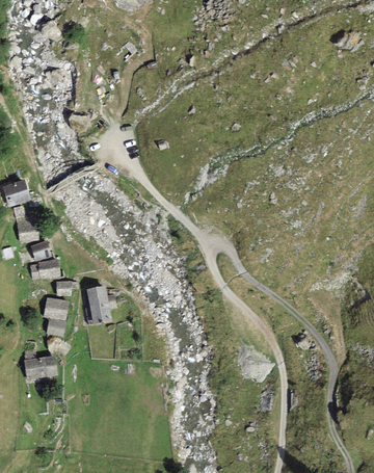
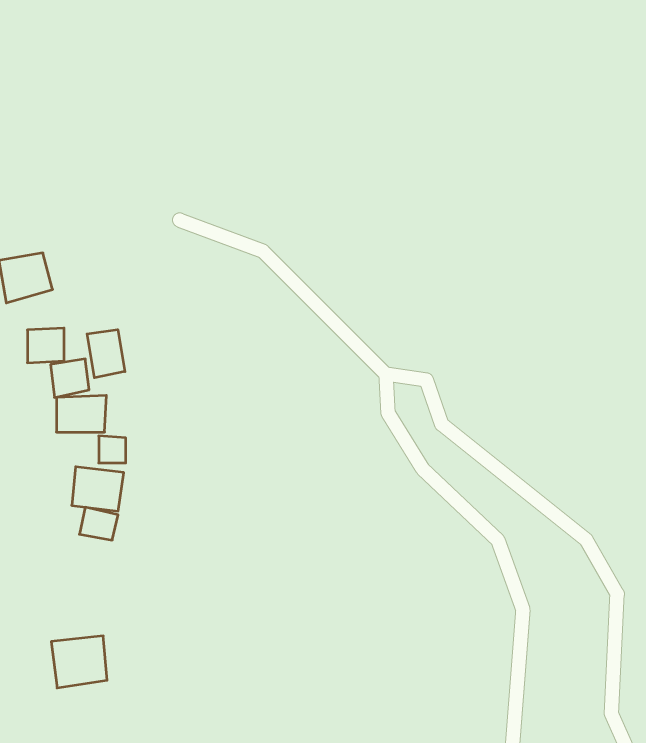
building: none -> [87,330,125,378]
building: [85,284,111,325] -> none
building: [26,352,56,380] -> [51,636,107,688]

